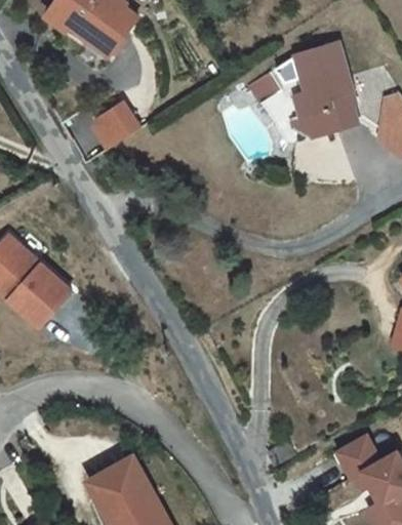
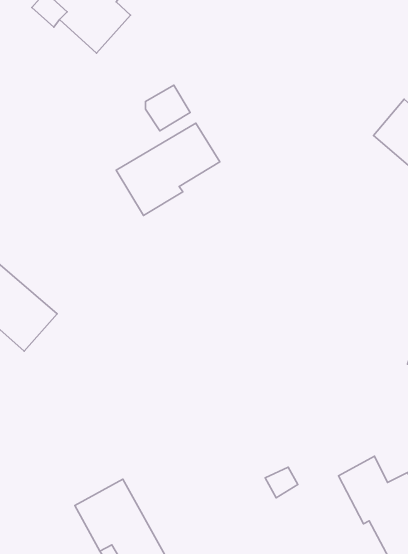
building: [250,48,358,147] -> none
building: [89,106,131,149] -> [145,85,190,131]
building: none -> [116,123,220,215]

